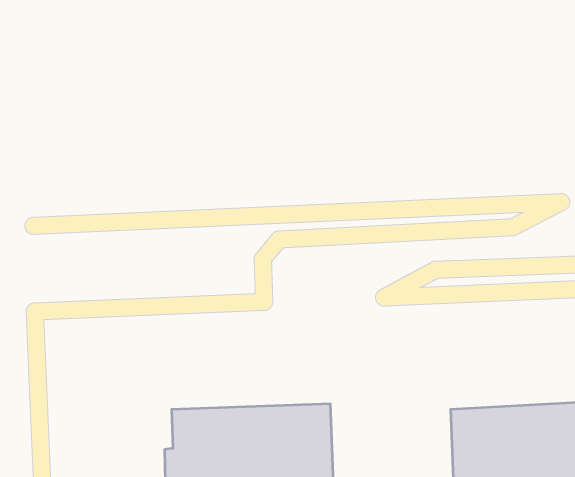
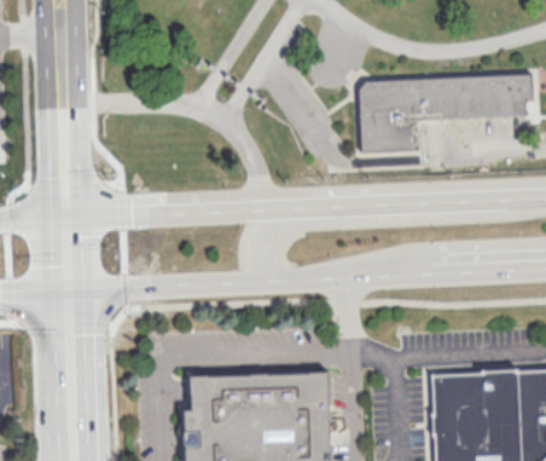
building: none -> [358,75,530,154]

